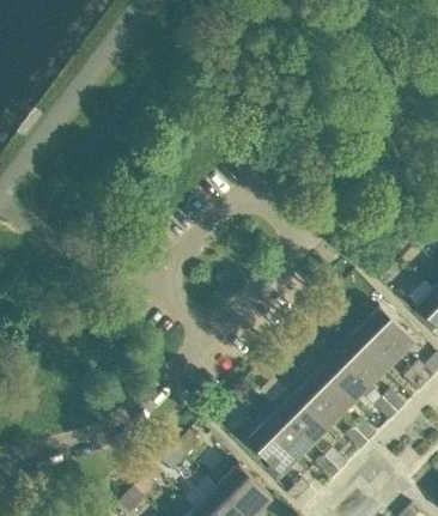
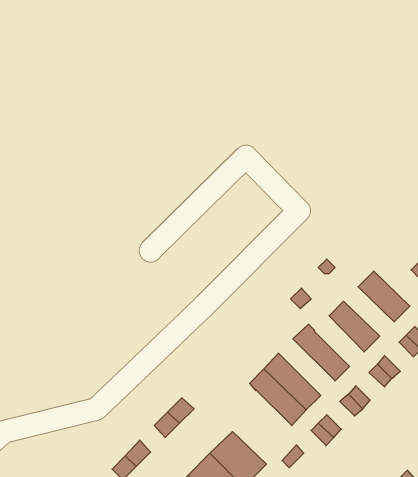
building: [349,323,400,372] -> none
building: [321,352,370,402] -> none
building: [285,375,341,431] -> none
building: [248,425,298,476] -> none

